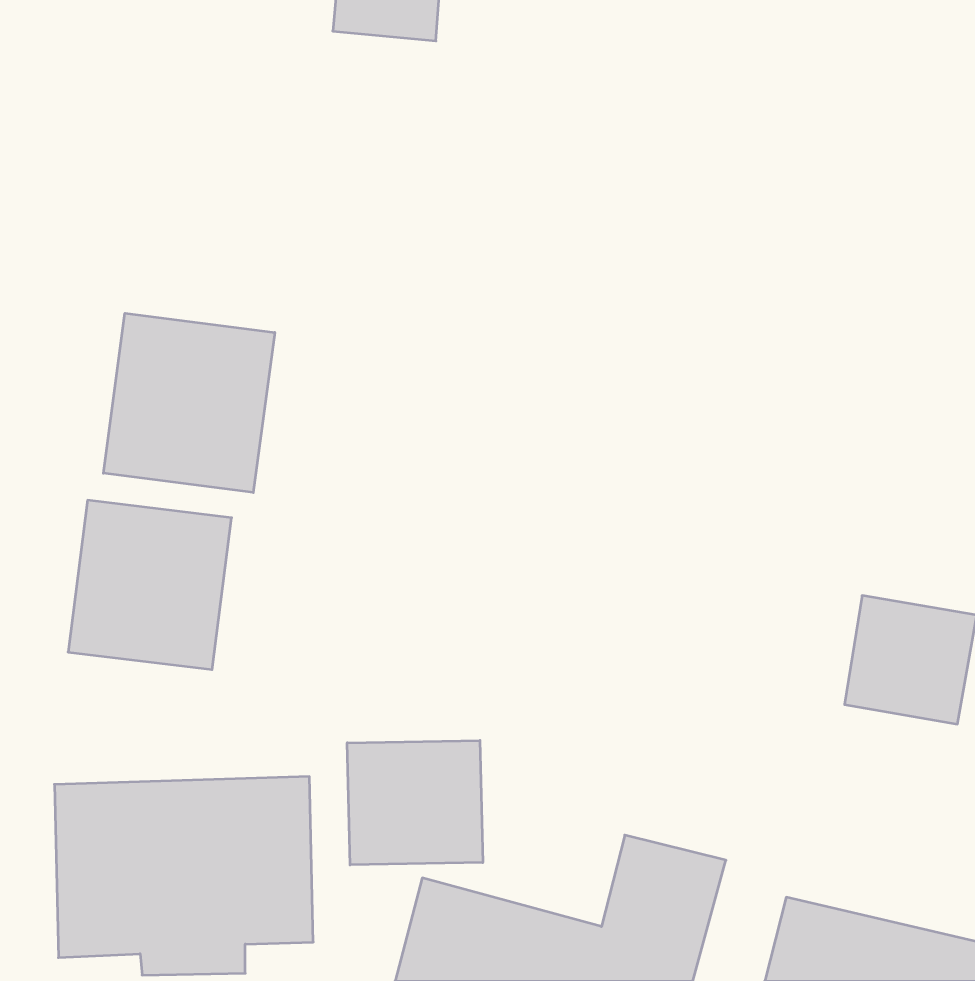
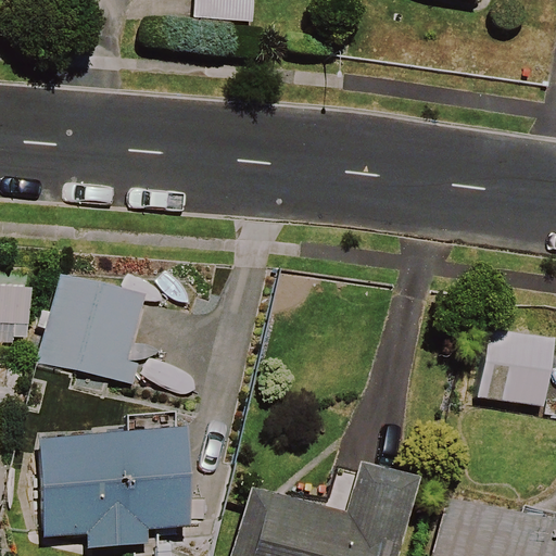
building: [103,313,275,493] -> none
building: [347,740,483,865] -> none

